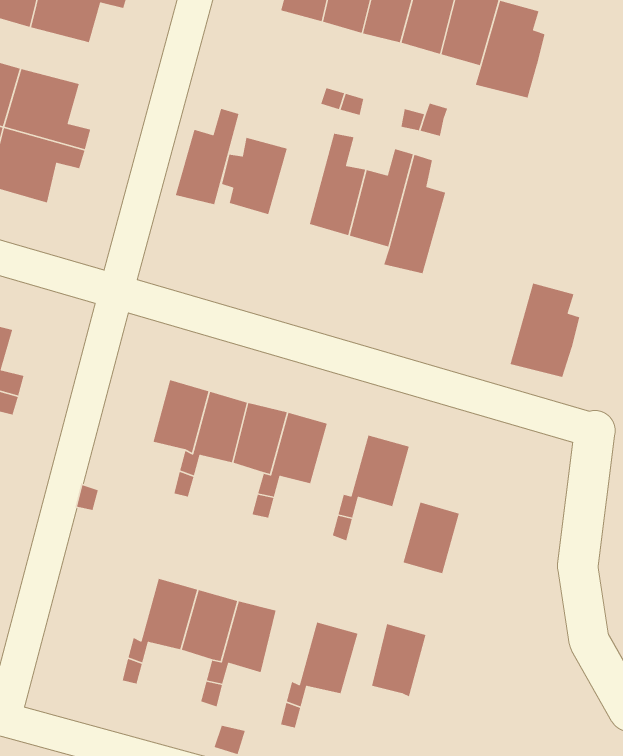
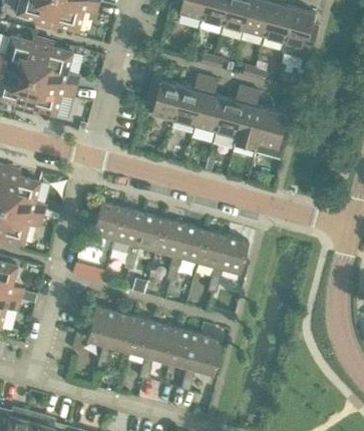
building: [175,108,240,205] -> [173,73,208,124]
building: [509,283,580,378] -> [255,107,292,157]
building: none -> [85,199,121,239]
building: [403,502,460,574] -> [196,229,226,267]
building: none -> [84,304,115,343]
building: [371,623,427,698] -> [169,327,199,366]

